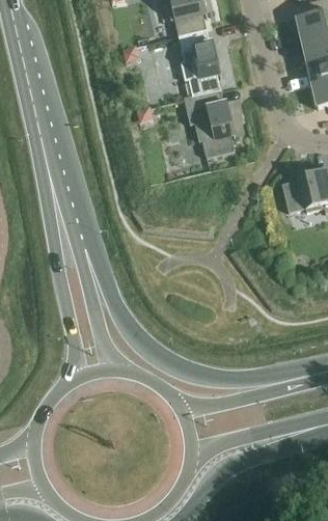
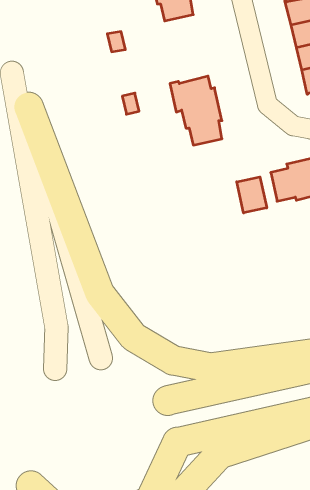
building: [181,40,221,97] -> none
building: none -> [237,177,267,213]

